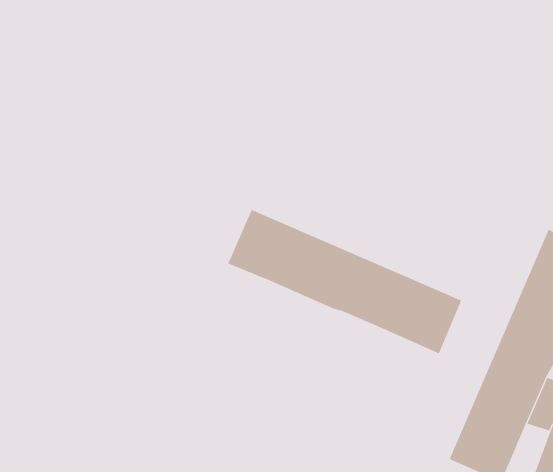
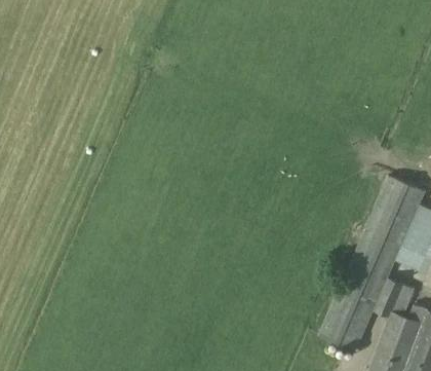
building: [228,209,462,354] -> none

